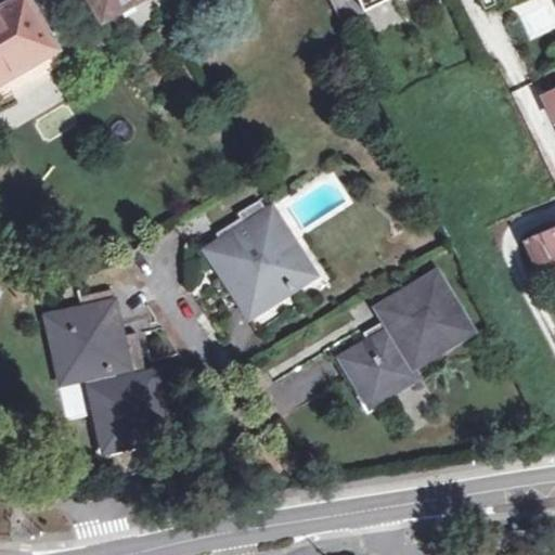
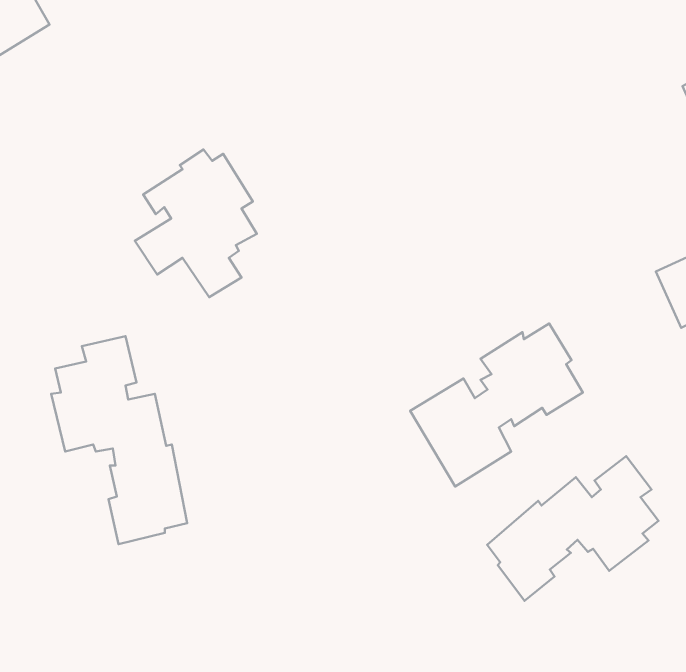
building: [210,208,305,322] -> [135,150,257,297]
building: none -> [487,456,659,601]

